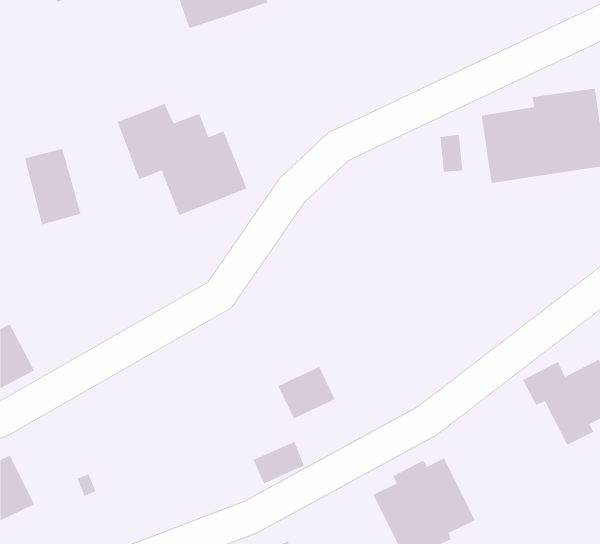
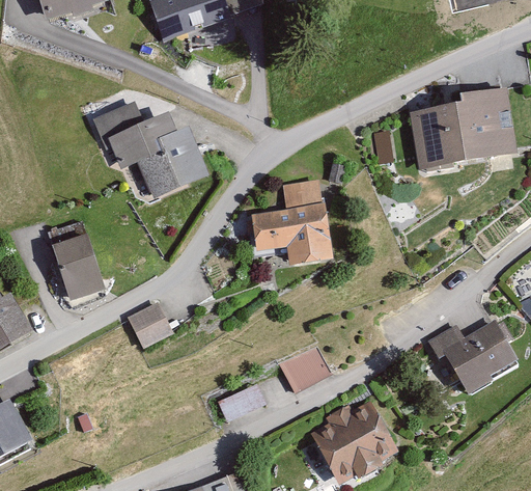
building: [24,148,82,225] -> [57,231,105,296]
building: none -> [253,182,330,268]
building: none -> [132,302,176,348]
building: [277,366,336,419] -> [273,347,322,391]

